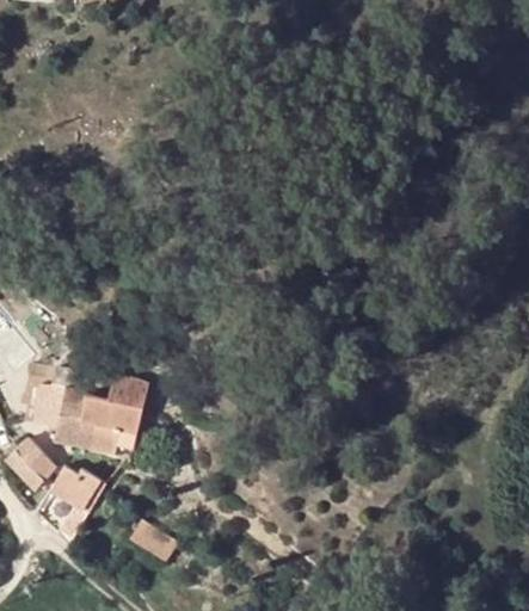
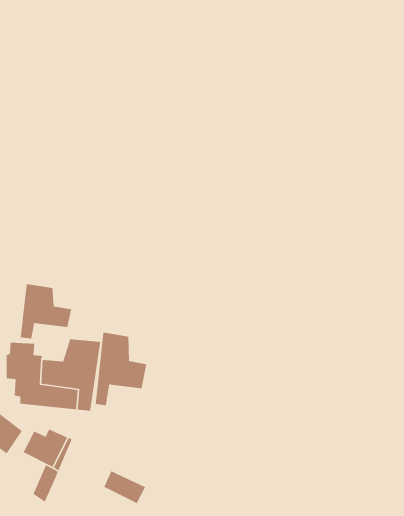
building: none -> [20,283,72,340]
building: none -> [95,331,147,406]

